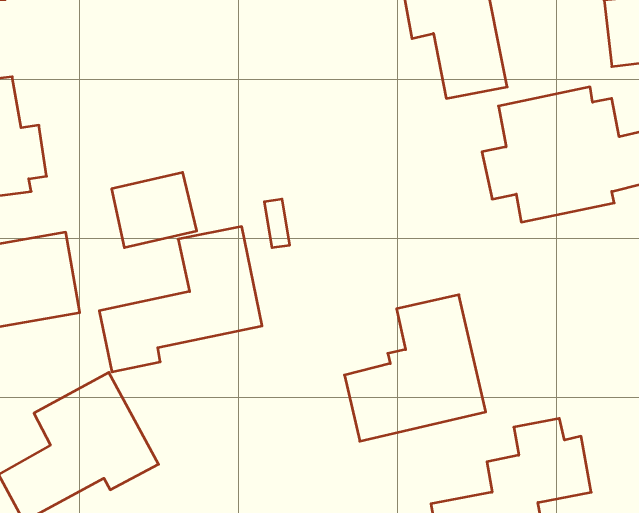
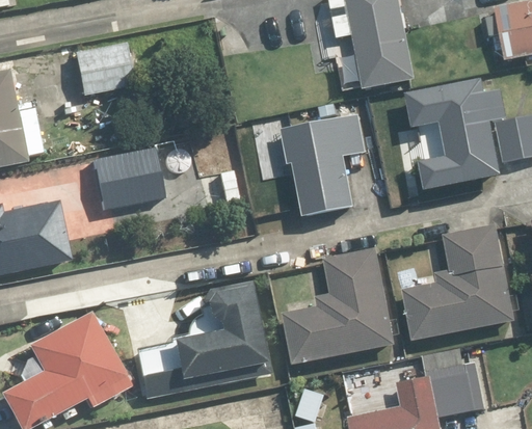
building: none -> [71,45,131,96]
building: none -> [283,102,365,216]
building: [99,227,262,372] -> [134,280,267,399]
building: none -> [404,223,514,341]

